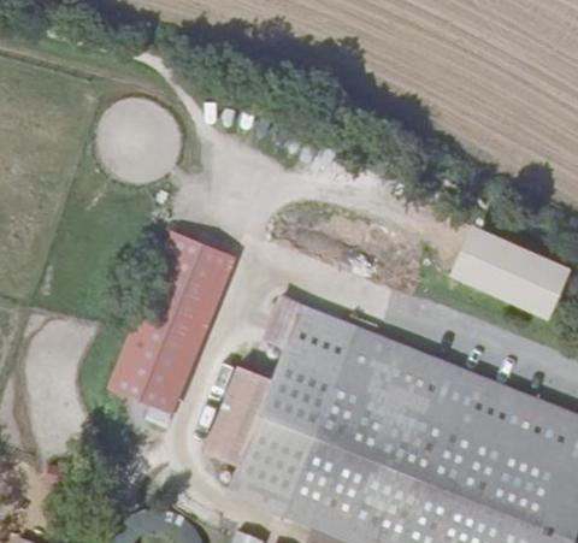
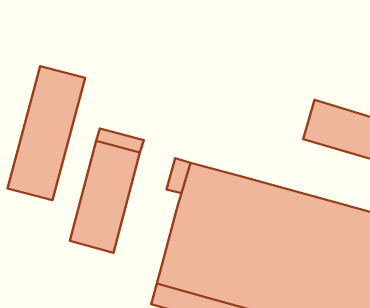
building: none -> [8,66,85,200]
building: [204,347,270,444] -> none

